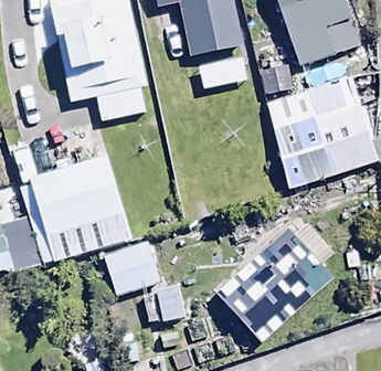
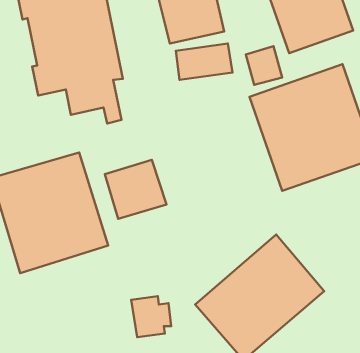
building: [104,241,160,295] -> [105,160,166,219]

